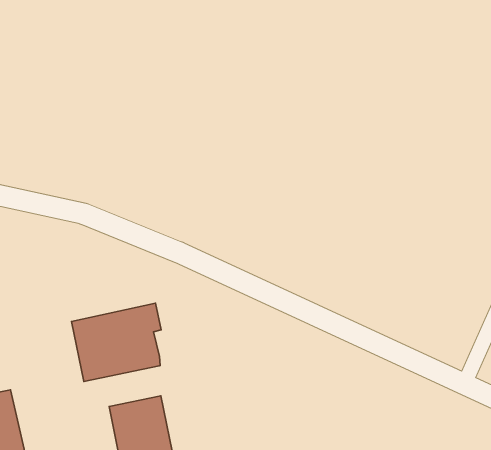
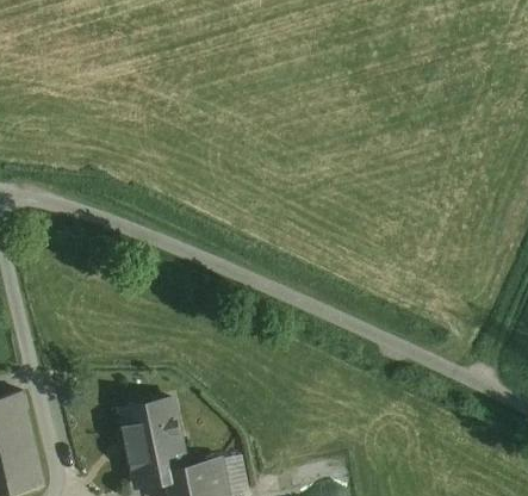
building: [71,303,161,382] -> none

